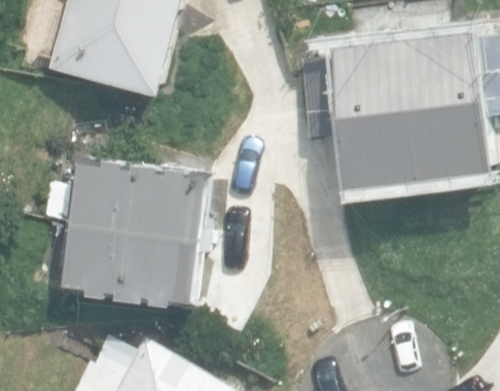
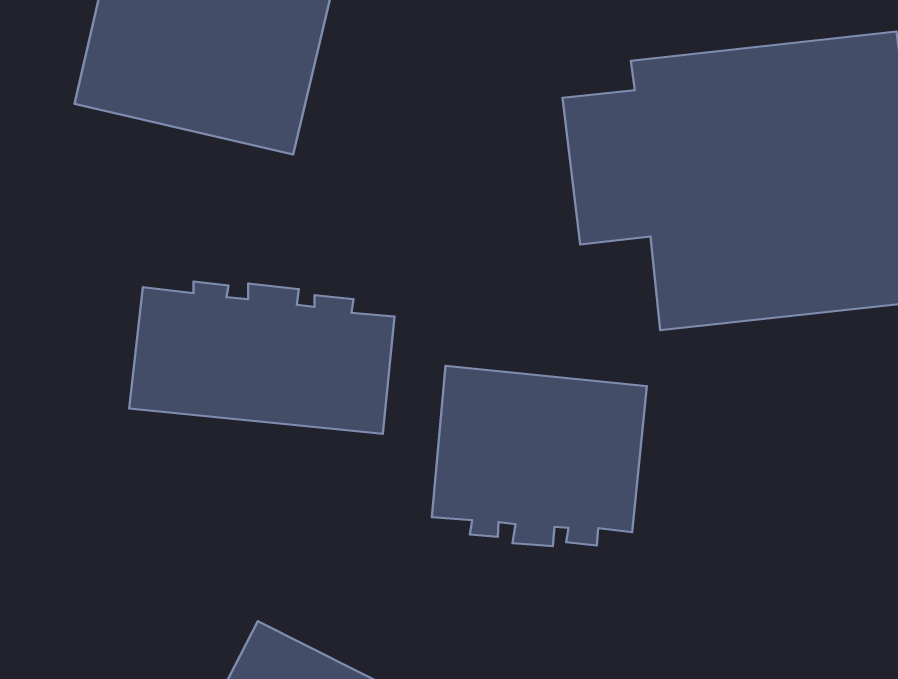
building: none -> [432,366,647,546]
building: [67,227,206,305] -> none

